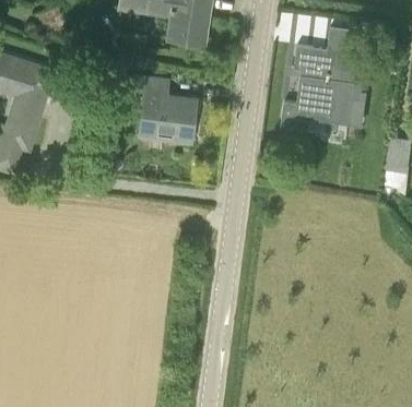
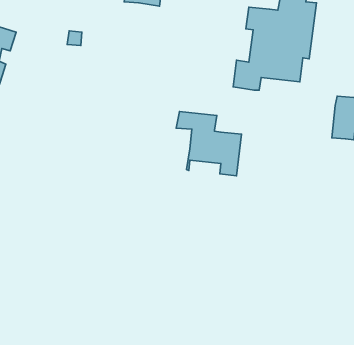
building: [128,74,197,142] -> [176,111,242,176]

